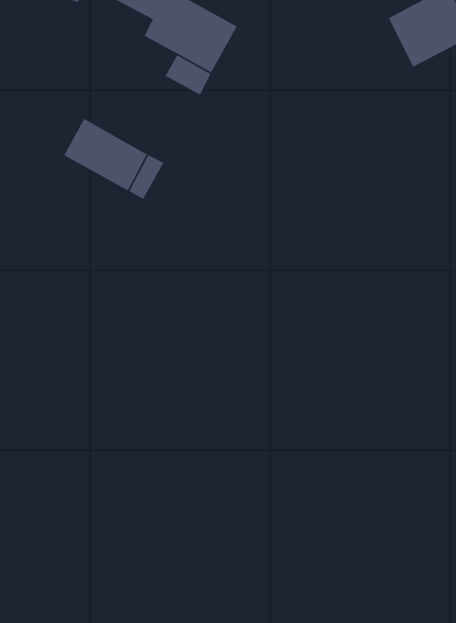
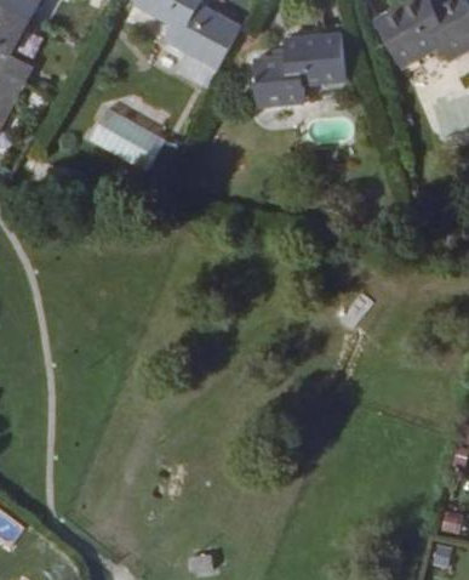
building: none -> [254,34,347,107]

